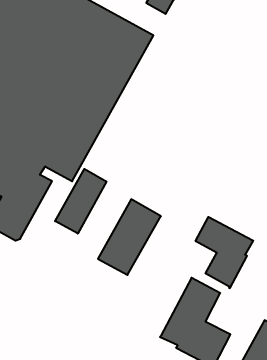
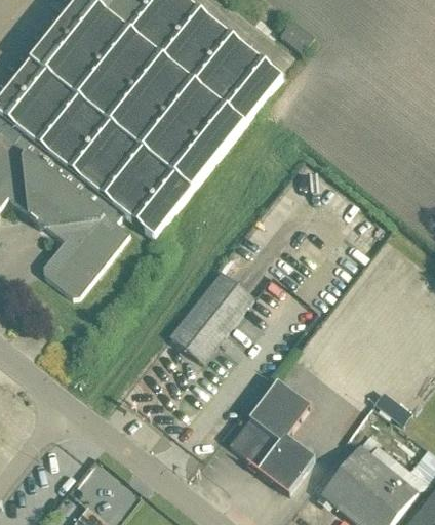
building: [55,169,106,234] -> none
building: [196,217,253,288] -> none

